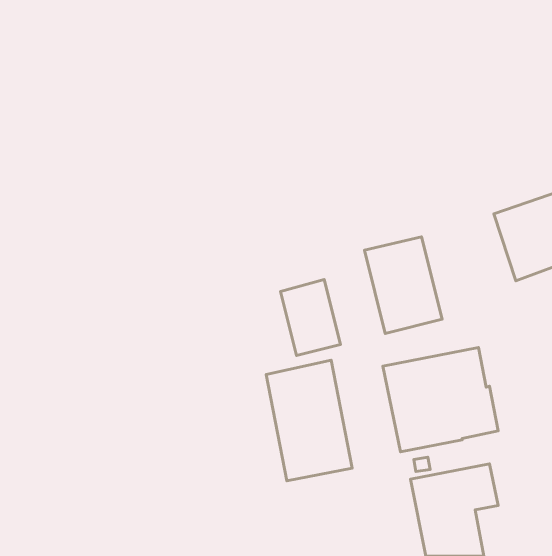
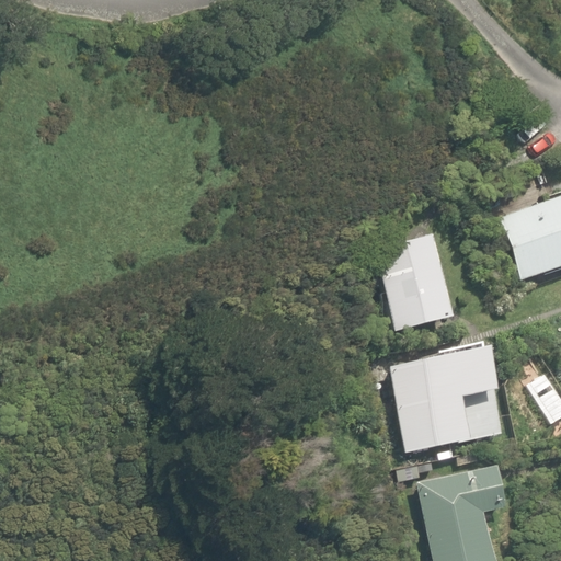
building: [281,280,340,355] -> none
building: [266,360,352,481] -> none

